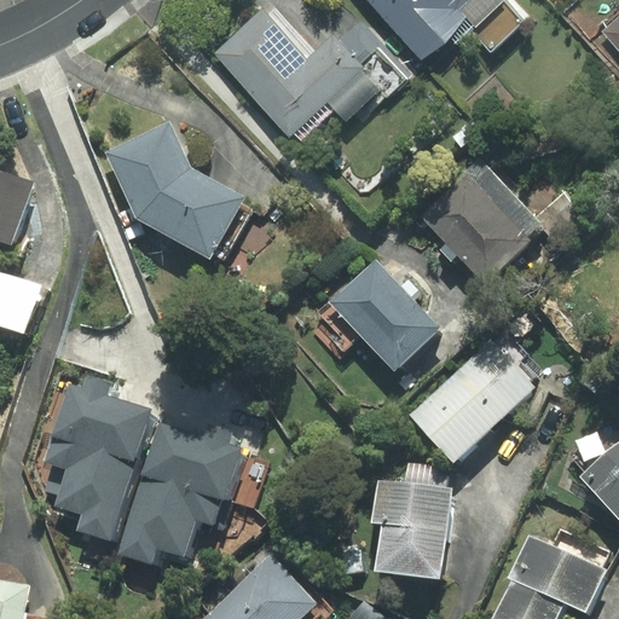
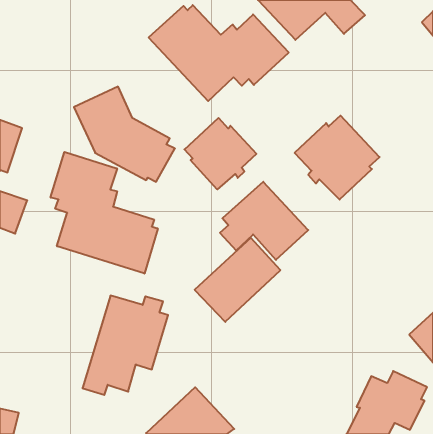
building: none -> [184,118,256,189]
building: none -> [51,152,158,274]
building: [410,341,532,461] -> [195,238,280,322]
building: [42,376,150,540] -> none
building: [372,480,451,579] -> none

